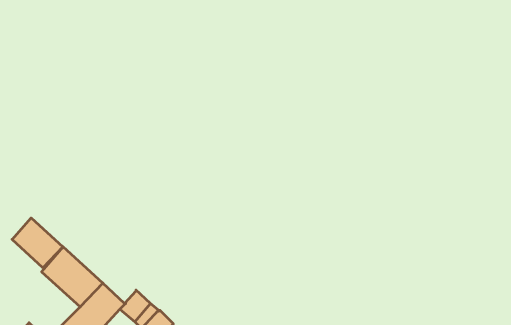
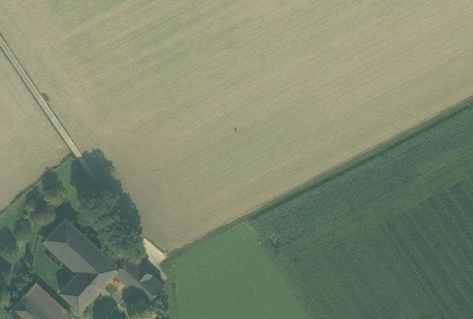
building: [12,218,63,268] -> none

